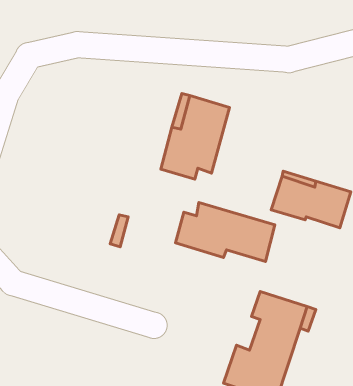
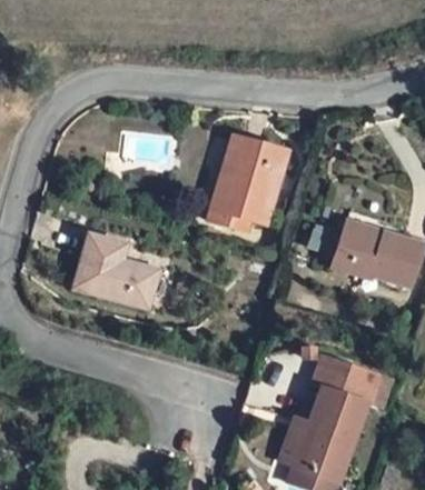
building: none -> [75,234,158,306]
building: [176,203,275,261] -> none

